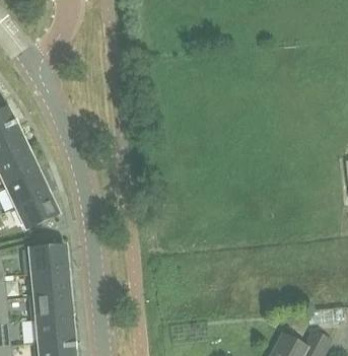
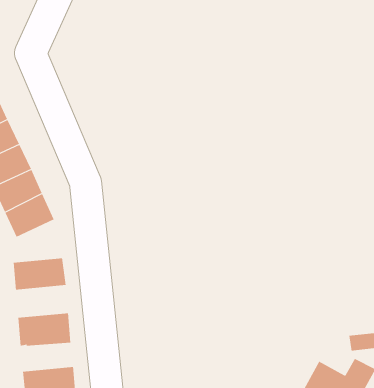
building: [24,268,70,295] -> none
building: [30,316,74,341] -> none

